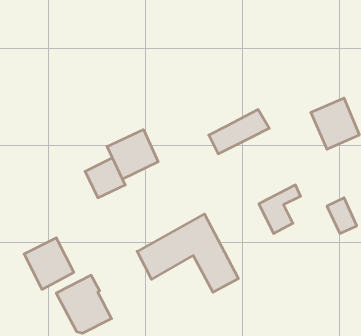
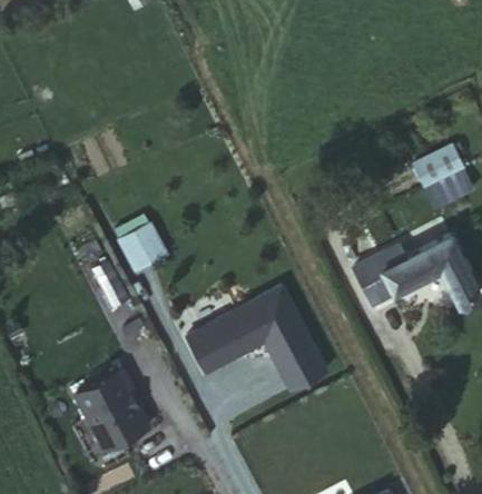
building: [209,110,269,154] -> [378,244,458,302]
building: [107,130,158,179] -> none
building: [24,238,74,289] -> none

